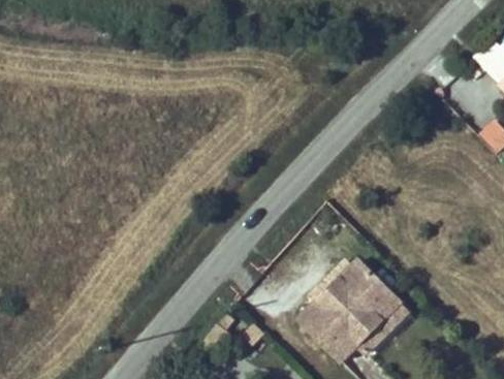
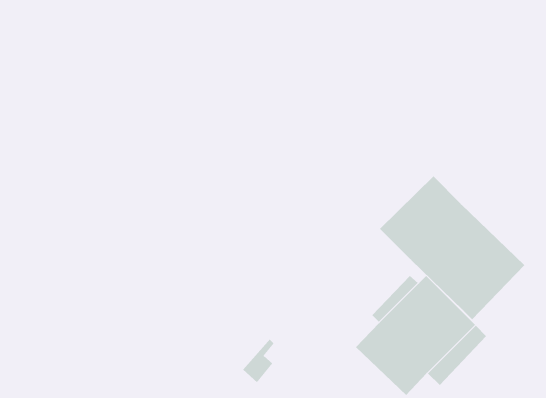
building: none -> [379,176,525,320]

